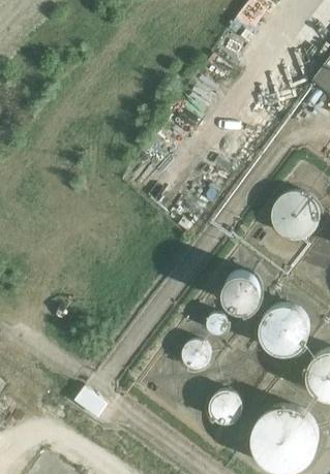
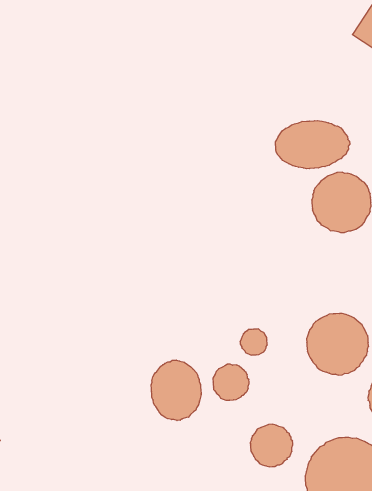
building: none -> [275,121,350,169]
building: [222,273,261,311] -> none
building: none -> [151,360,201,421]

